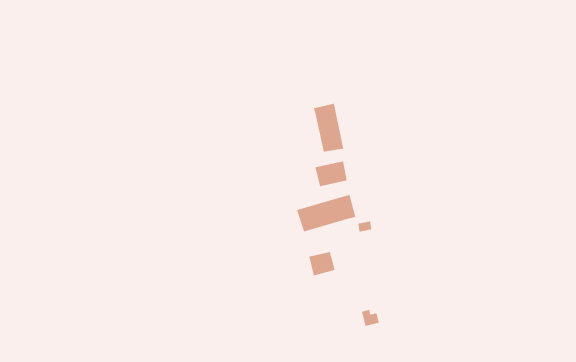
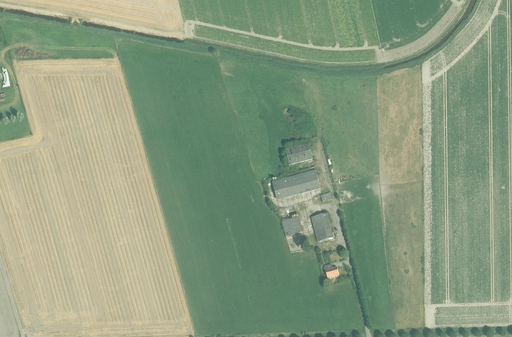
building: [313,103,344,153] -> none
building: none -> [311,212,333,241]

